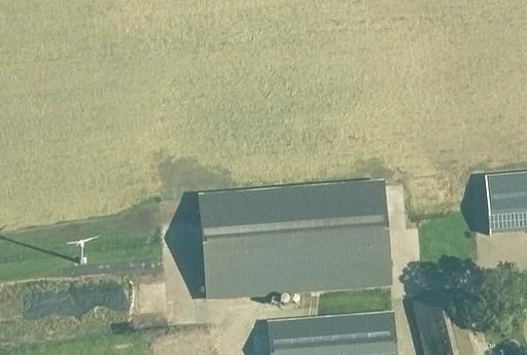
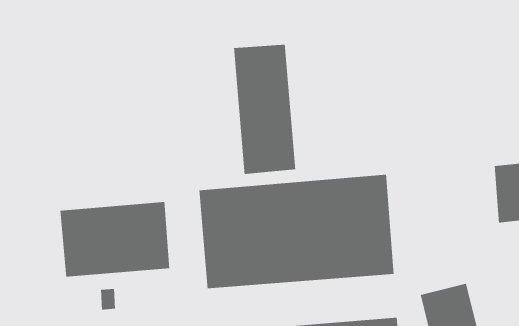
building: none -> [233,44,296,175]
building: none -> [59,201,170,278]

